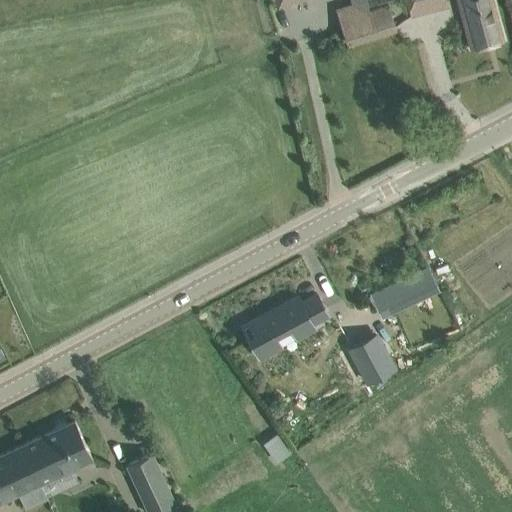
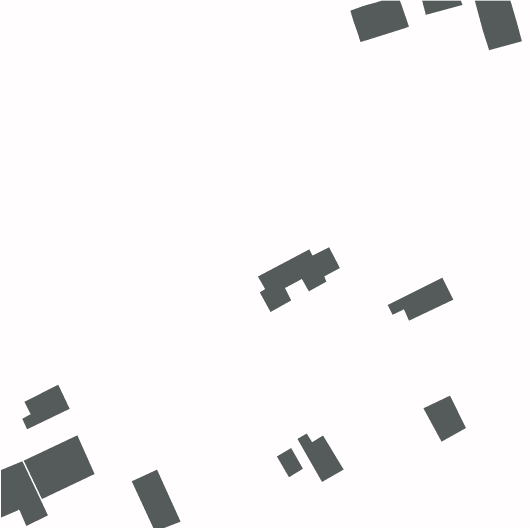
building: [247,295,328,359] -> [257,247,341,313]
building: [350,339,393,385] -> [422,395,467,443]
building: none -> [21,384,71,430]
building: none -> [296,433,345,483]

